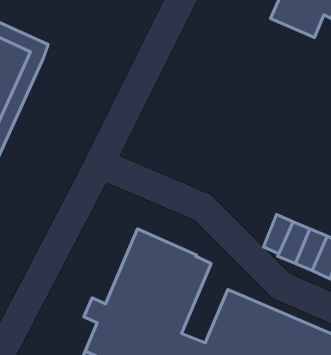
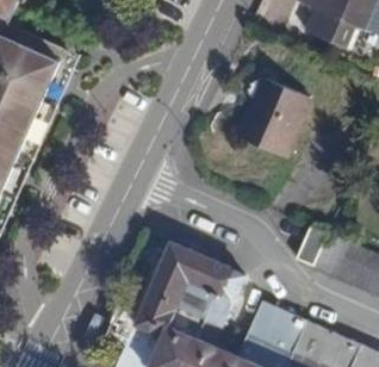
building: none -> [235,74,307,153]

